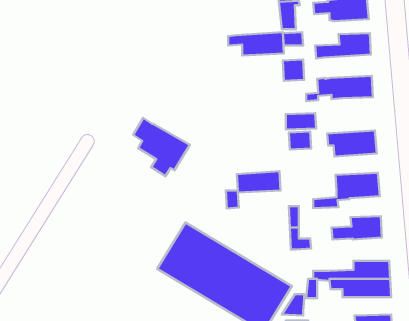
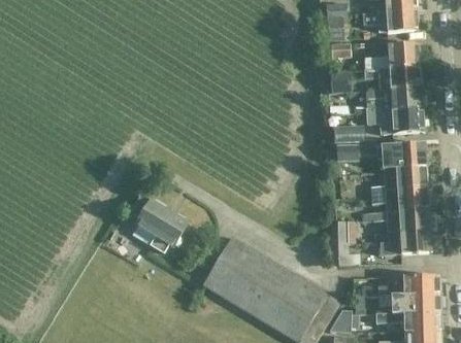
building: [228,32,284,55] -> [364,66,421,90]
building: none -> [366,107,423,134]
building: [133,118,190,176] -> [130,194,188,253]
building: [226,171,280,209] -> [371,167,427,205]
building: none -> [386,210,430,232]
building: none -> [374,312,440,332]

